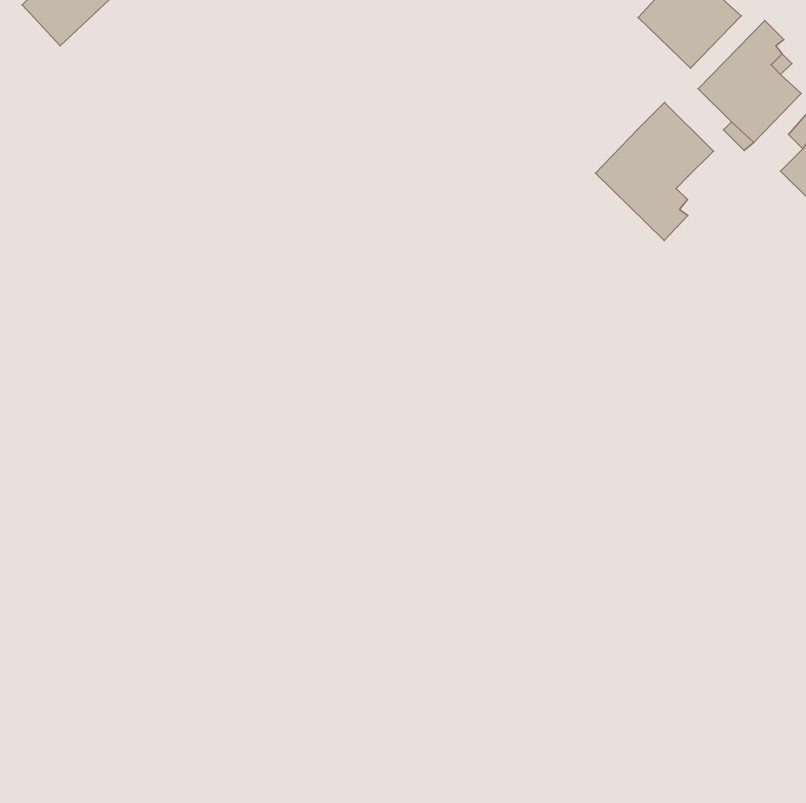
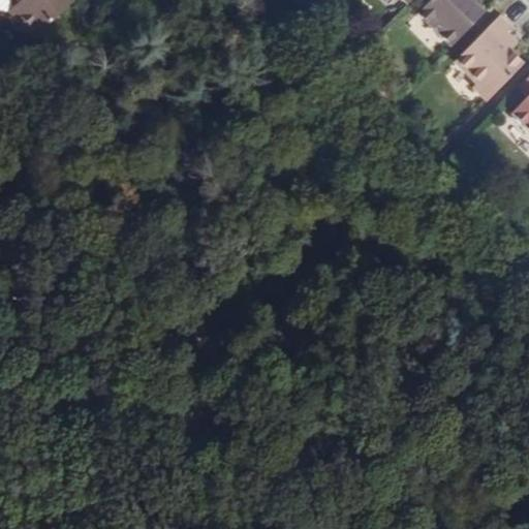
building: [595,103,714,240] -> none

